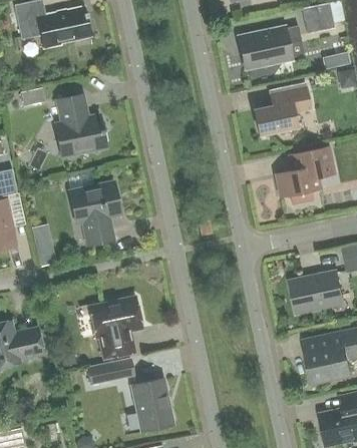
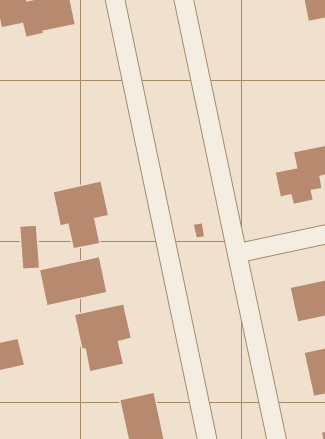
building: [239,25,301,68] -> none
building: [254,82,311,134] -> none
building: [55,94,106,156] -> none
building: none -> [39,257,107,306]
building: [86,357,134,385] -> none

